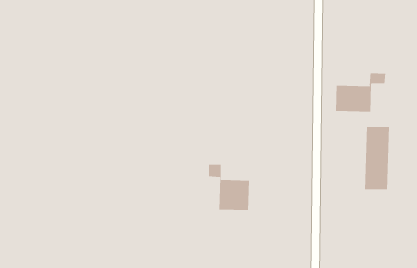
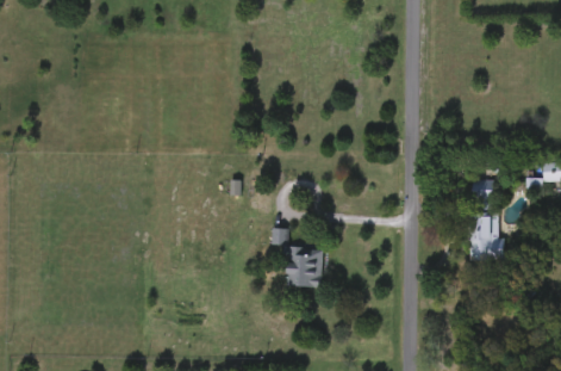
building: [335,72,386,113] -> none

